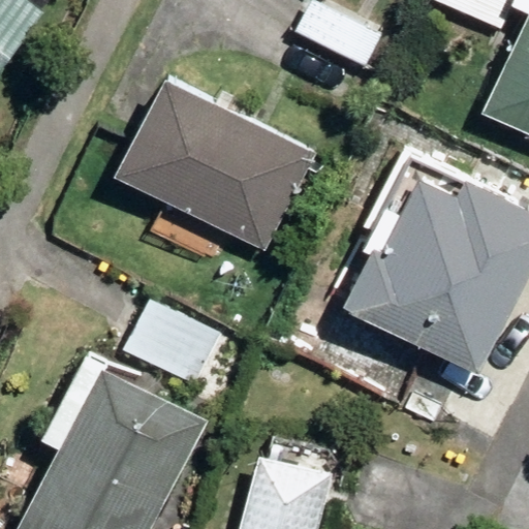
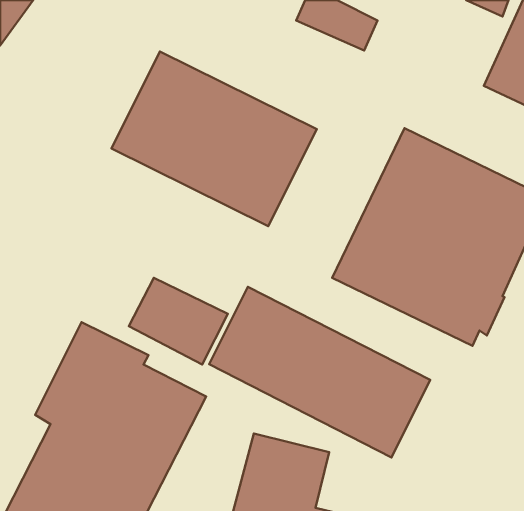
building: none -> [209,287,430,457]

